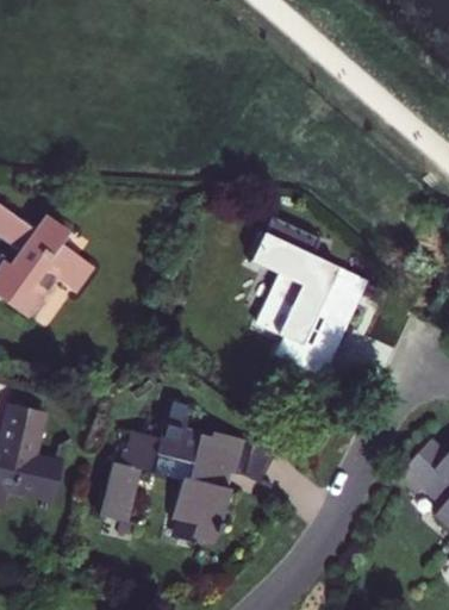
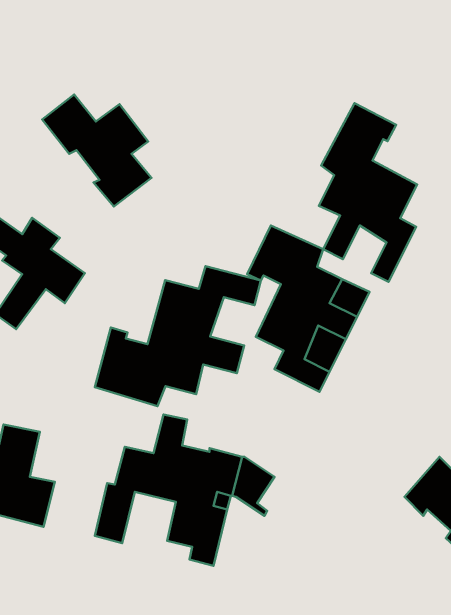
building: none -> [42,95,152,206]
building: none -> [319,103,417,282]
building: none -> [95,266,261,406]

